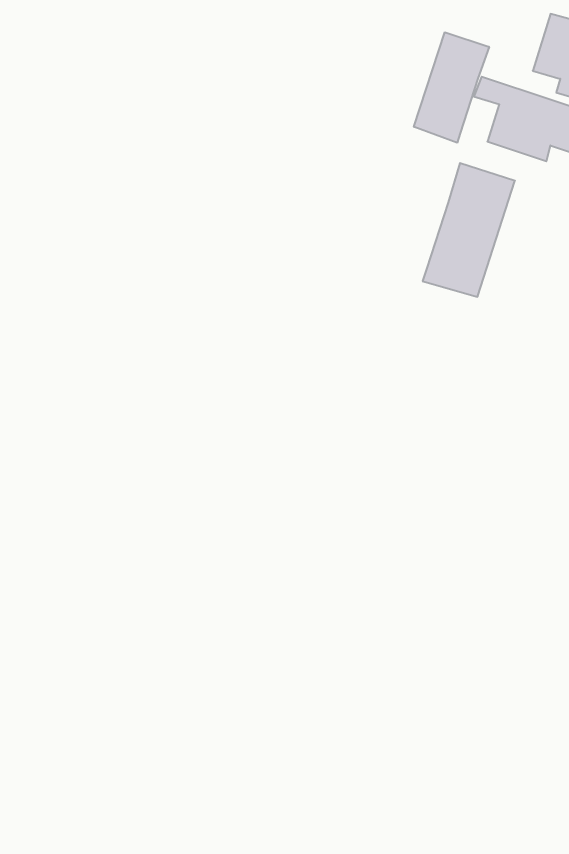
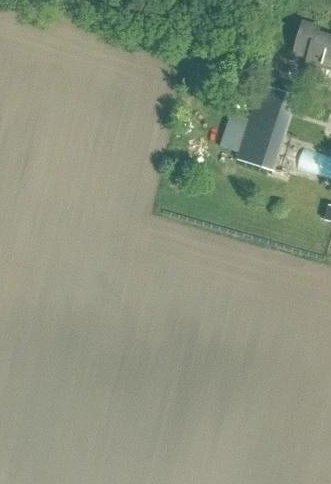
building: [414,32,489,143] -> none
building: none -> [224,113,253,152]

